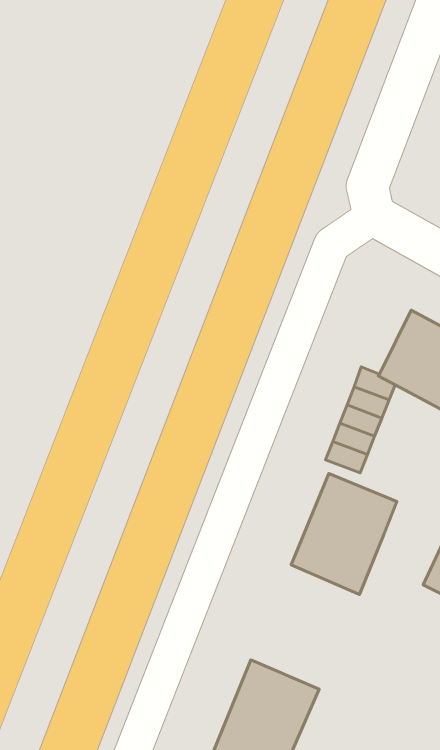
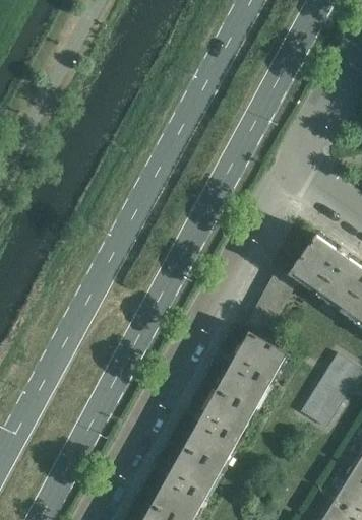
building: none -> [183,388,258,470]

